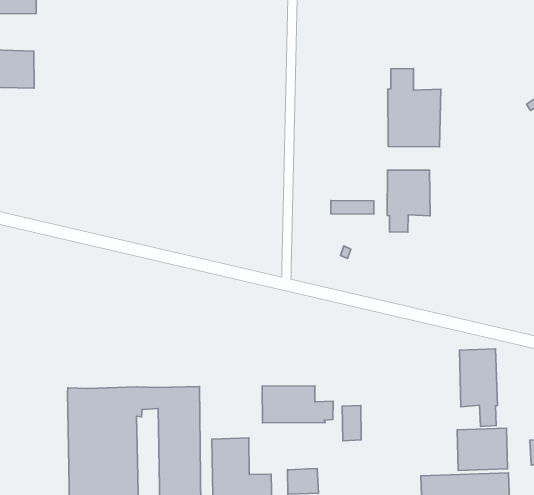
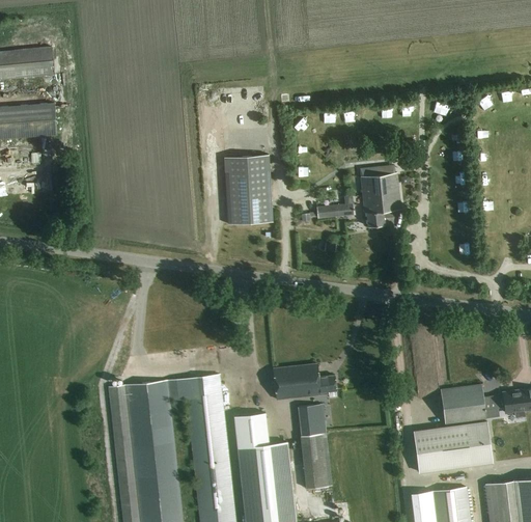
building: [388,68,441,147] -> none
building: none -> [224,156,273,225]
building: [460,349,497,427] -> none
building: [342,406,361,441] -> [299,406,317,437]

